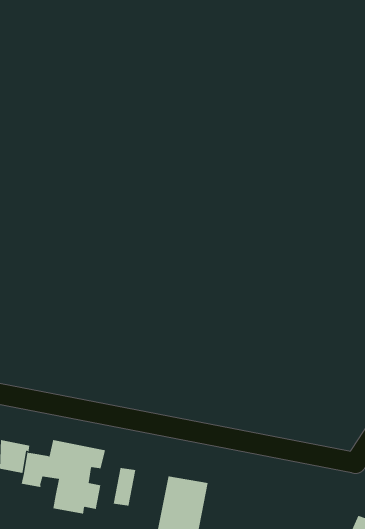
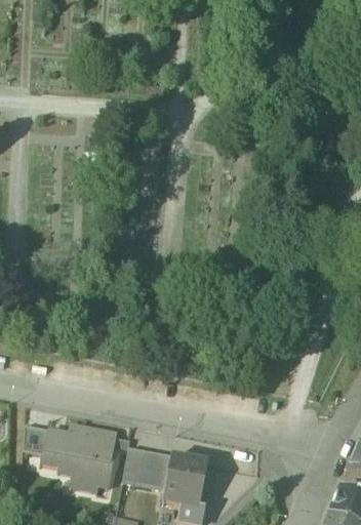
building: none -> [139,450,173,487]

